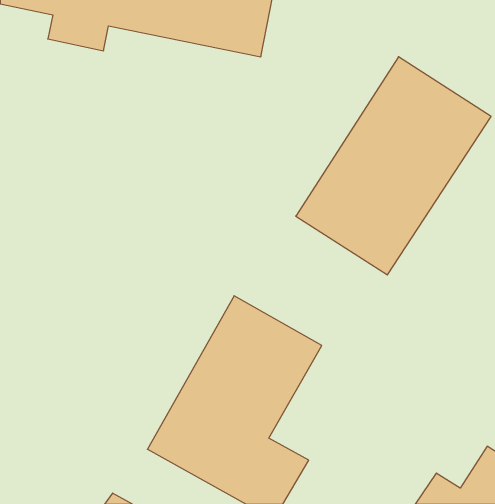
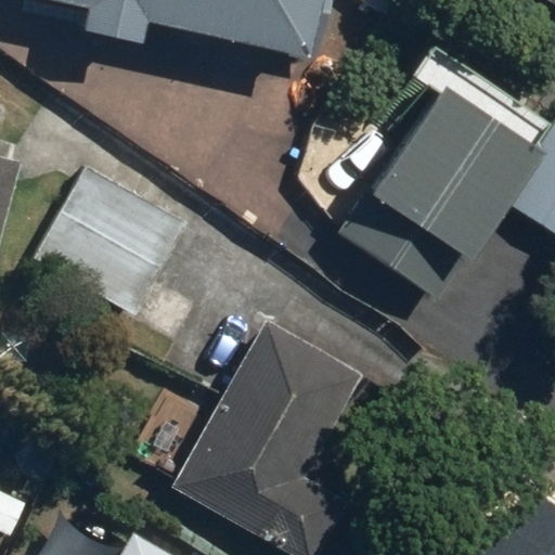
building: none -> [40,160,195,314]

